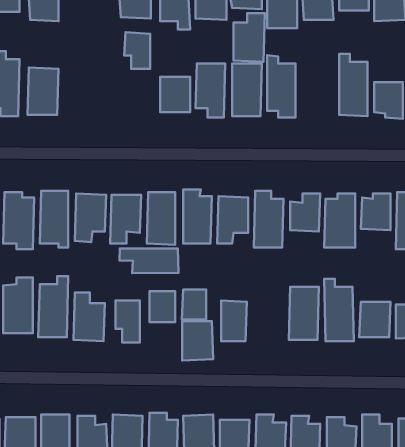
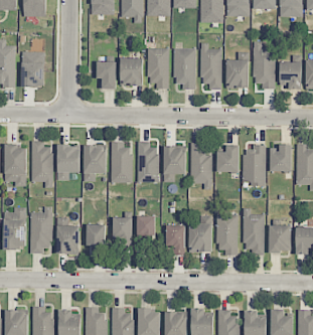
building: [234,13,265,62] -> [226,52,250,89]
building: [124,32,150,69] -> [97,61,116,89]
building: [119,249,179,273] -> none
building: [182,321,213,361] -> [189,223,212,253]

